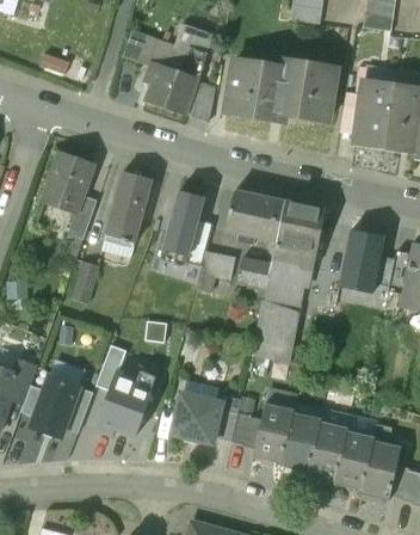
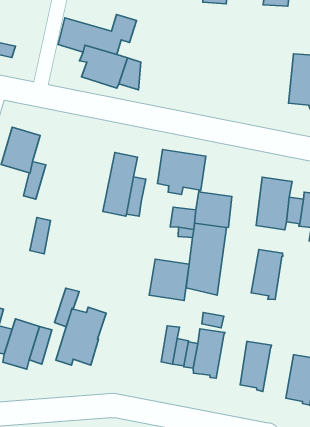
building: [226,60,335,122] -> none
building: [354,82,394,144] -> none
building: [105,171,153,242] -> none
building: [276,201,325,251] -> none
building: [199,250,235,279] -> none
building: [172,393,221,443] -> [149,259,189,300]
building: [280,411,320,471] -> [251,250,283,300]
building: [334,430,373,490] -> none

